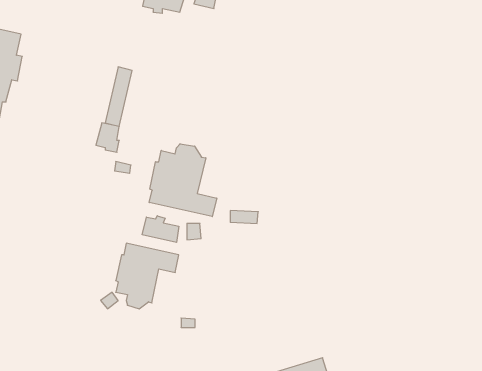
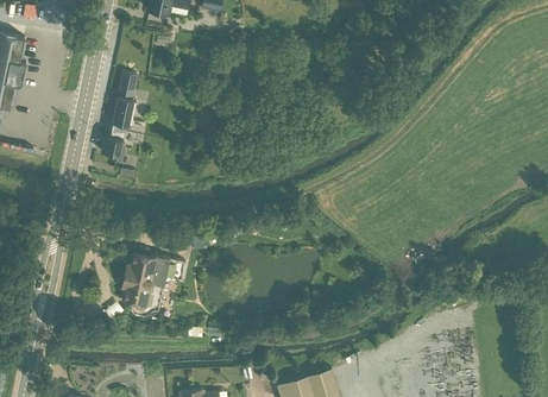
building: [149,144,217,217] -> none
building: [142,216,179,242] -> none

